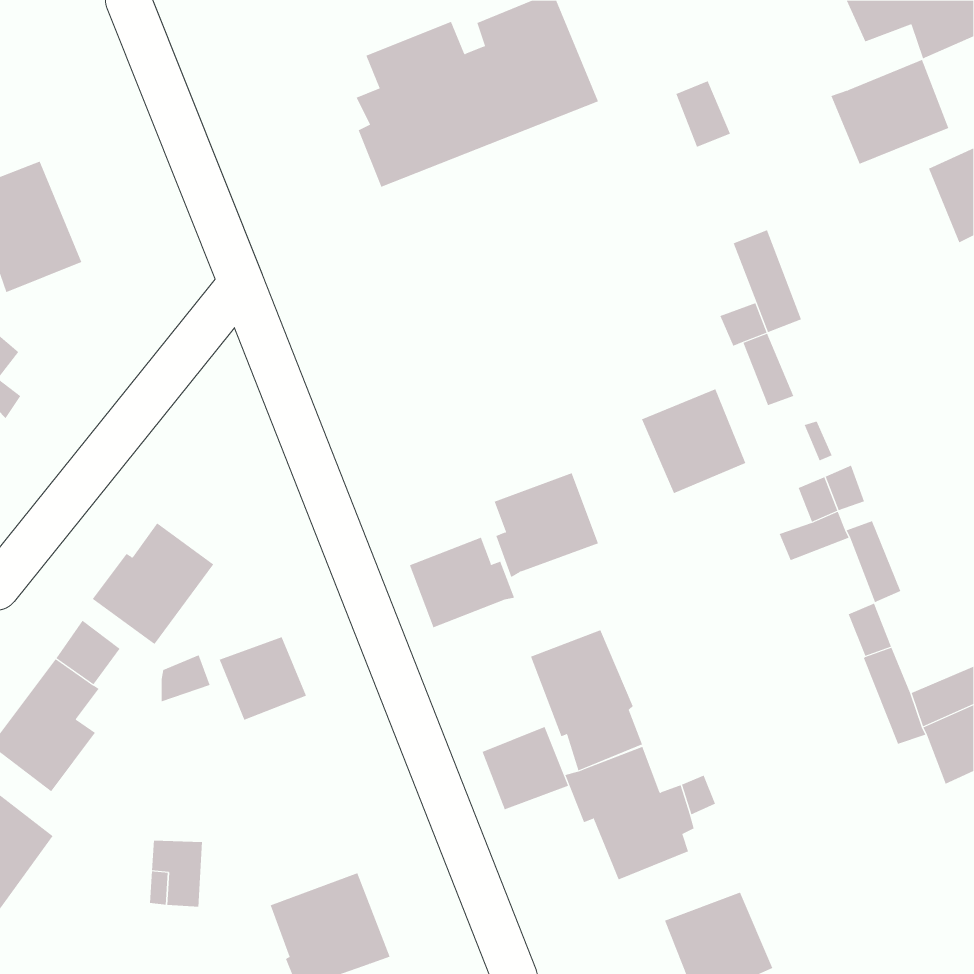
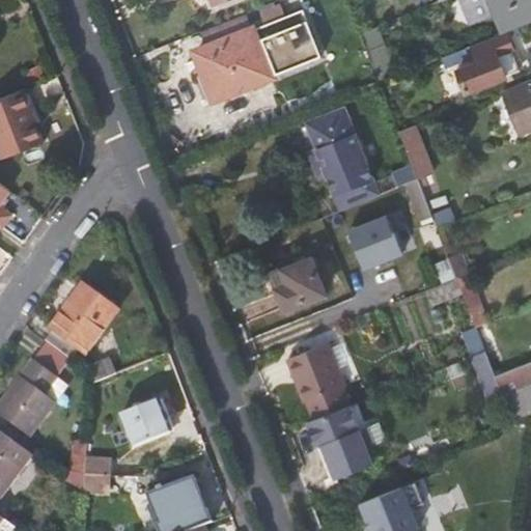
building: none -> [309,112,381,212]
building: [409,537,515,628] -> none
building: [219,636,307,721] -> [120,401,168,447]
building: [482,726,569,810] -> none

